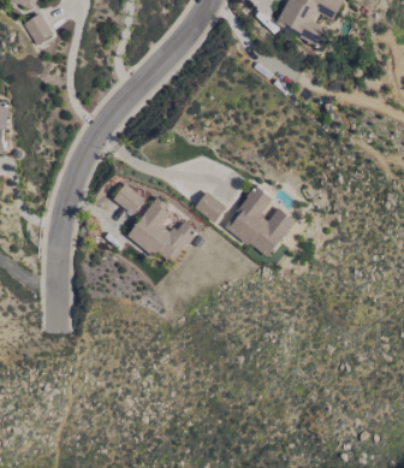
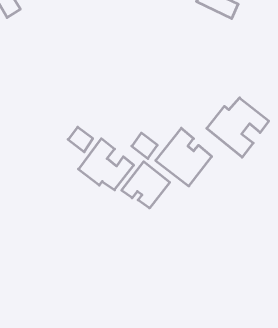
building: none -> [207,98,269,157]
building: none -> [122,162,170,208]

